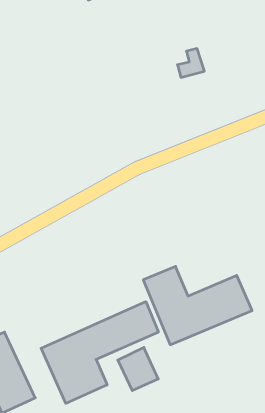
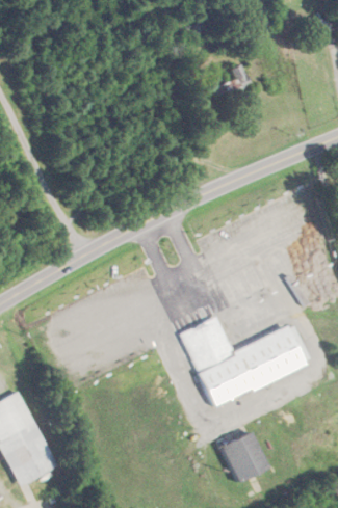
building: [41,302,158,403] -> none
building: [118,347,158,391] -> [219,430,266,480]

